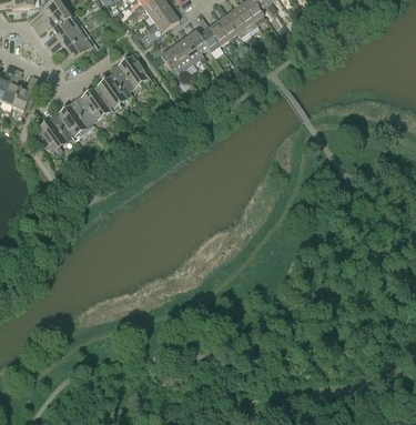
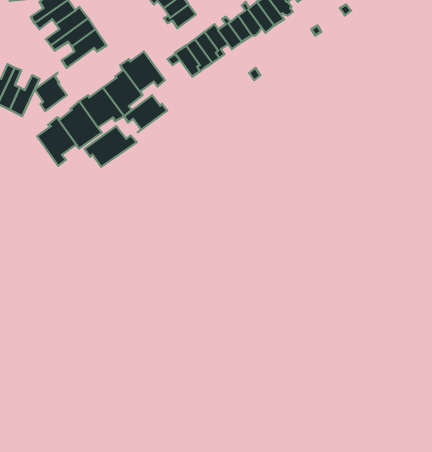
building: none -> [35,73,67,111]
building: none -> [124,95,167,132]
building: none -> [84,126,137,167]

